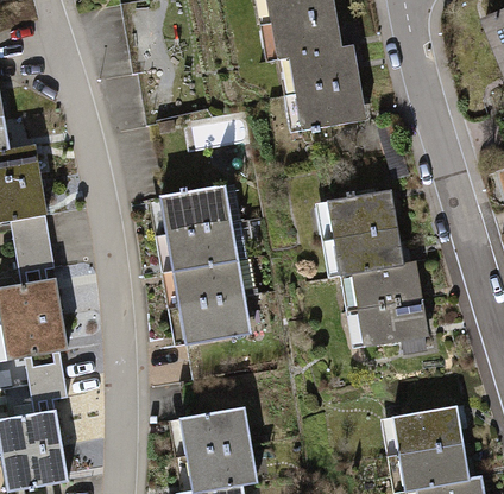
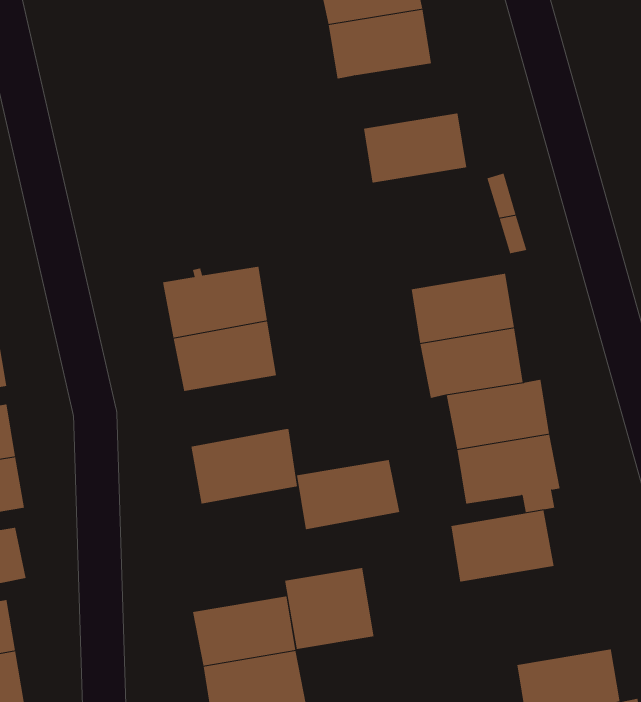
building: [289,46,359,93] -> none
building: [174,259,244,306] -> [296,459,400,530]
building: none -> [285,567,374,650]
building: [392,405,462,454] -> [451,510,555,582]

